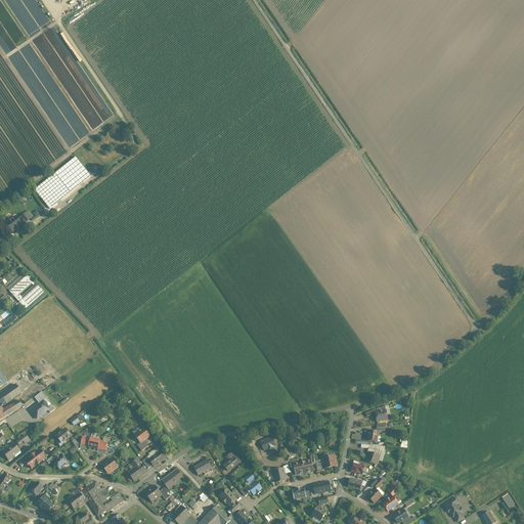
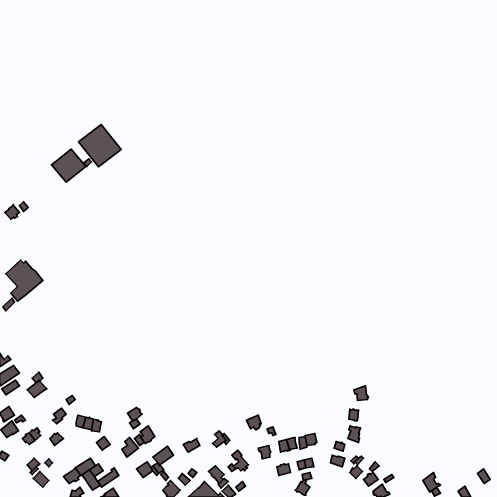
building: none -> [78,124,121,167]
building: [34,173,70,208] -> none

